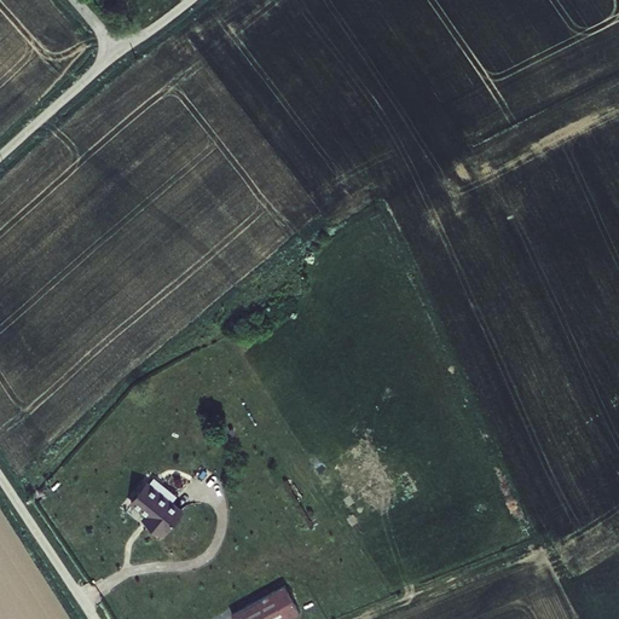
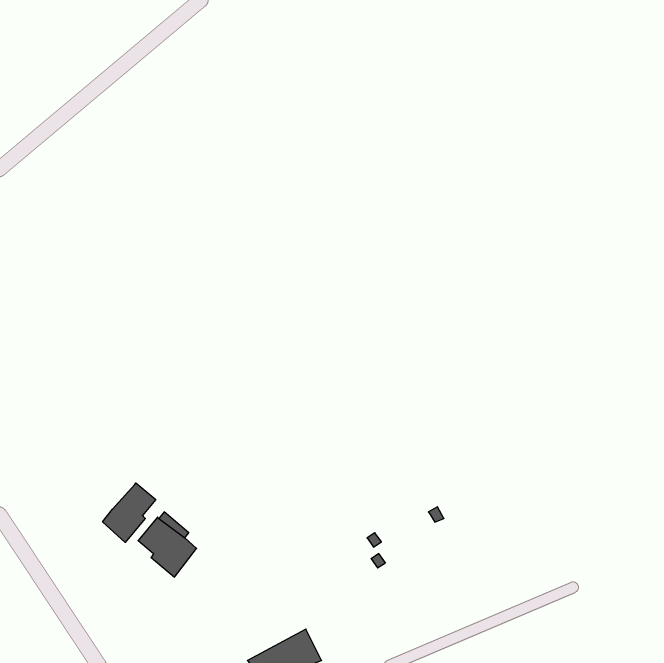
building: none -> [103,483,156,542]

